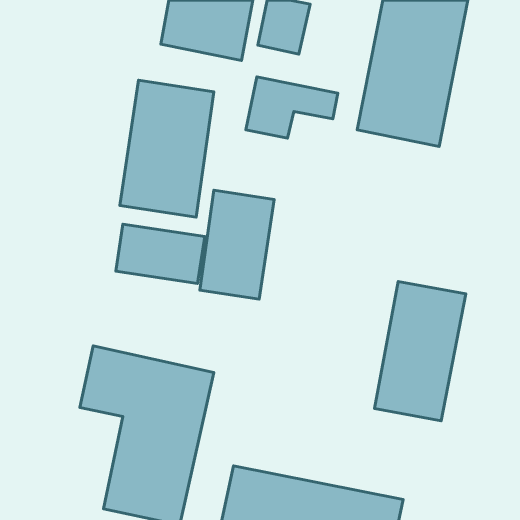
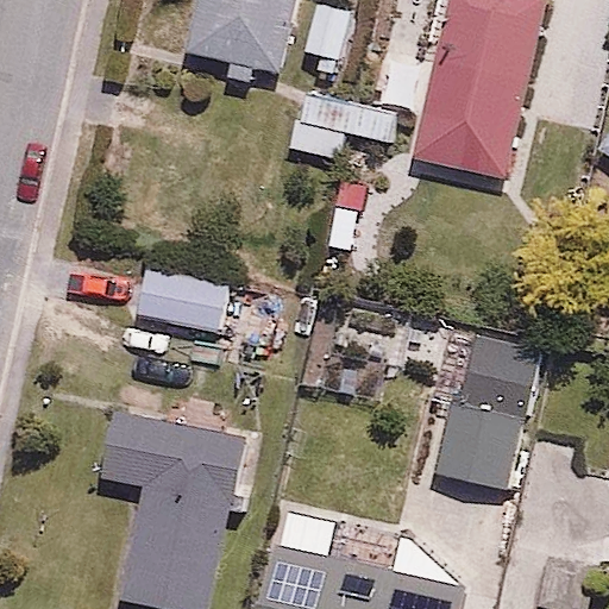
building: [120,80,214,217] -> none
building: [200,190,274,299] -> none

